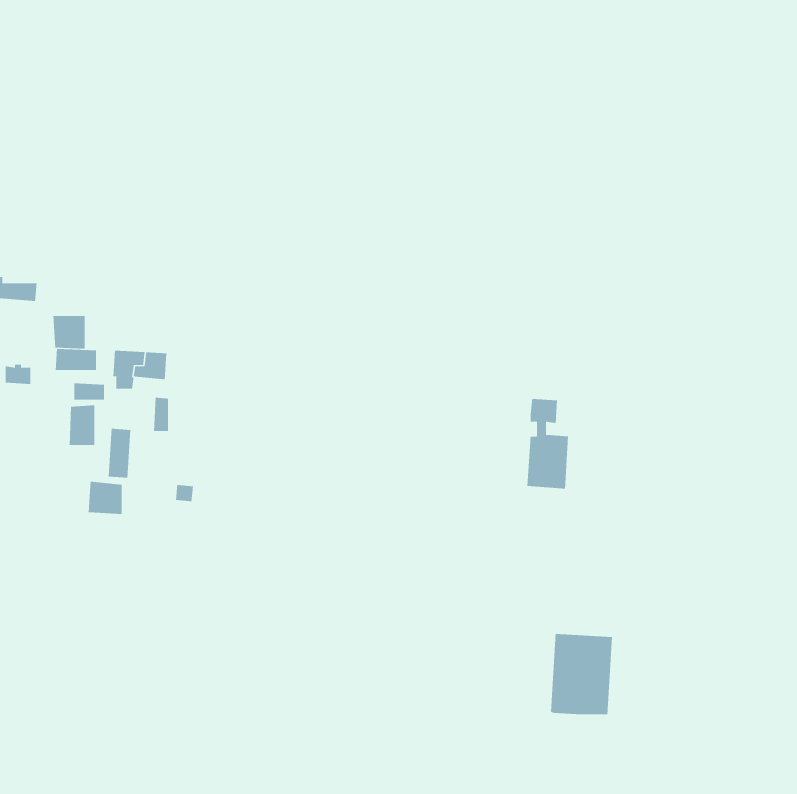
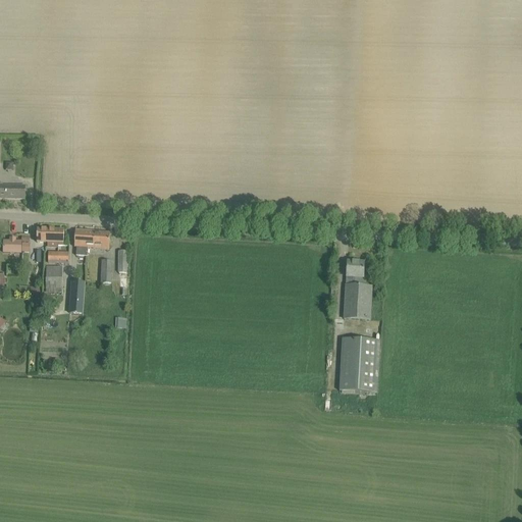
building: [53,315,85,350] -> none
building: [88,481,122,515] -> none
building: [550,634,613,715] -> [338,337,379,390]

